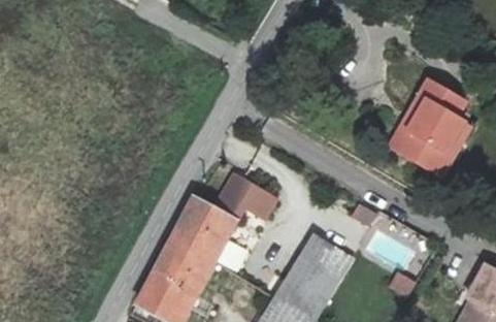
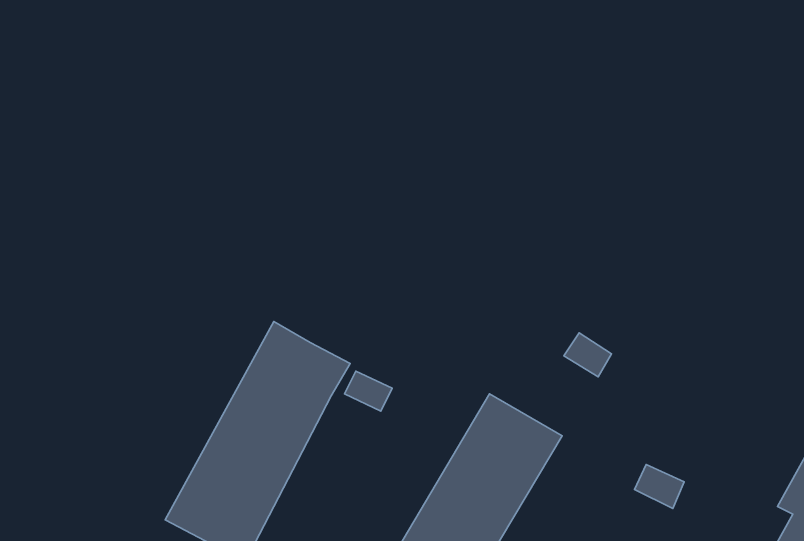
building: [388,79,469,176] -> none
building: [214,173,275,218] -> none

